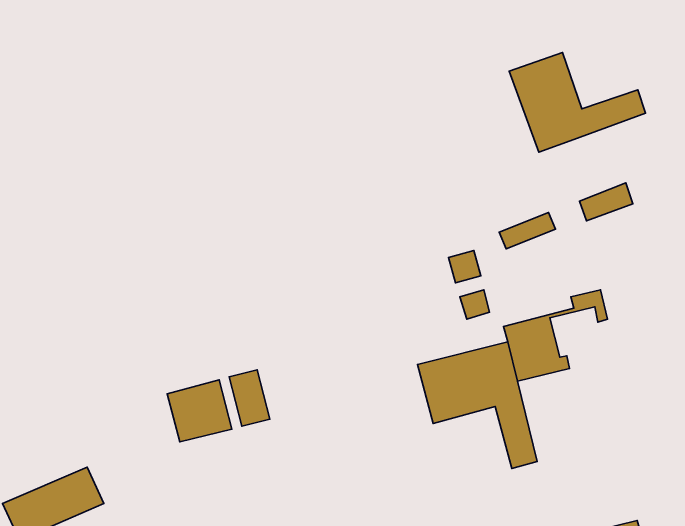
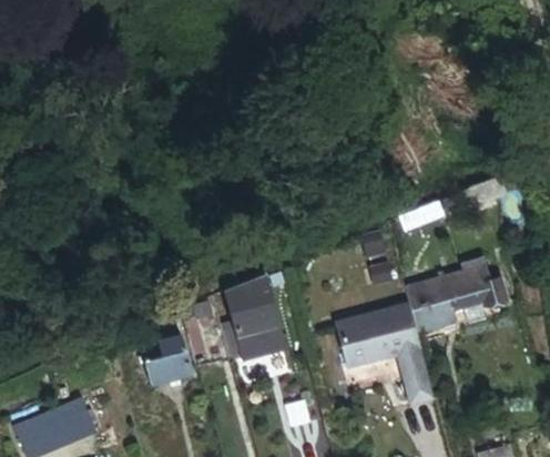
building: [509,53,646,152] -> none
building: none -> [223,270,289,358]
building: none -> [440,275,505,315]

